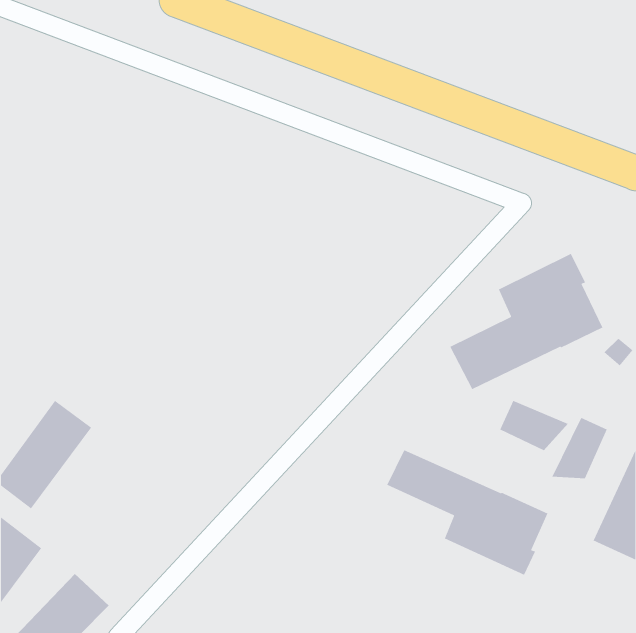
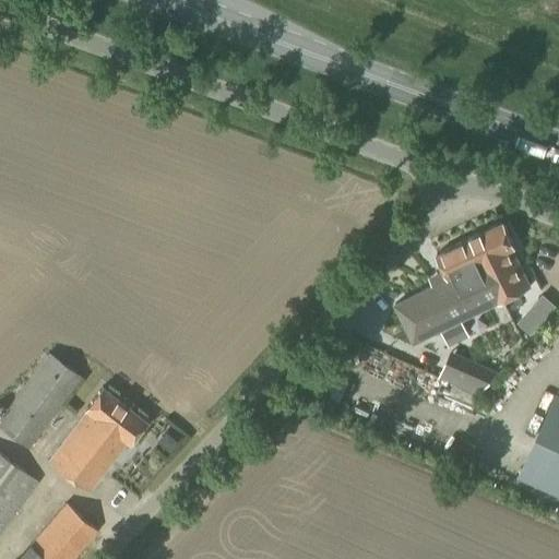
building: [551,417,608,479] -> none
building: none -> [48,390,145,493]
building: [386,449,549,576] -> none

